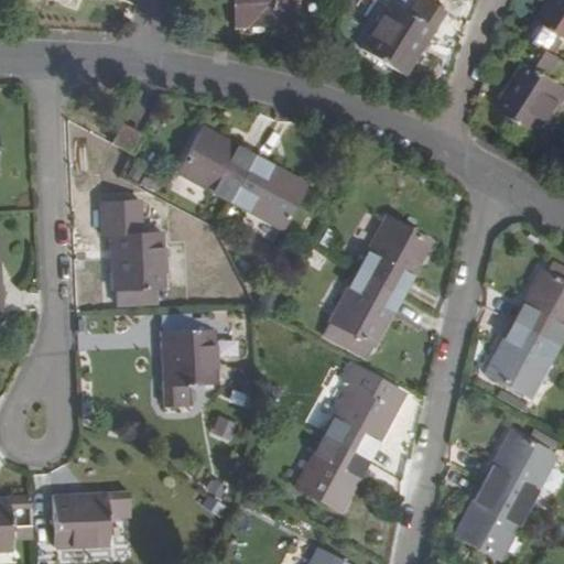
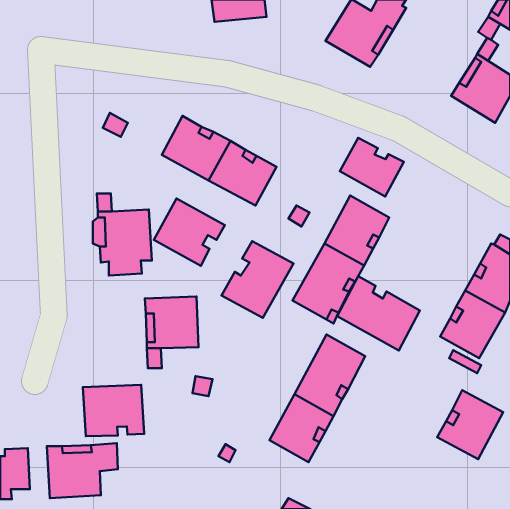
building: none -> [340,138,404,196]
building: none -> [154,199,225,266]
building: none -> [221,241,293,318]
building: none -> [337,276,420,350]
building: none -> [83,385,144,436]
building: [455,482,528,557] -> none

